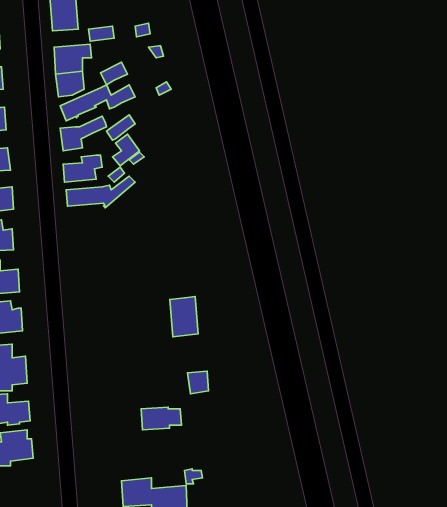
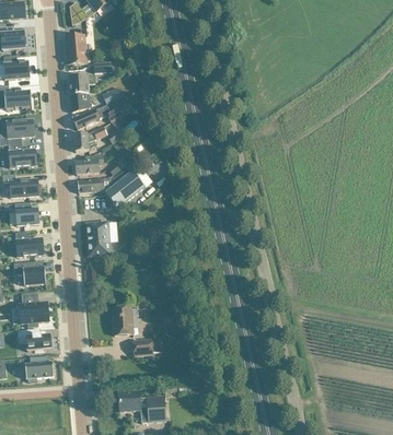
building: none -> [106,171,146,208]
building: none -> [86,221,111,255]
building: [170,296,198,337] -> [113,305,134,334]

